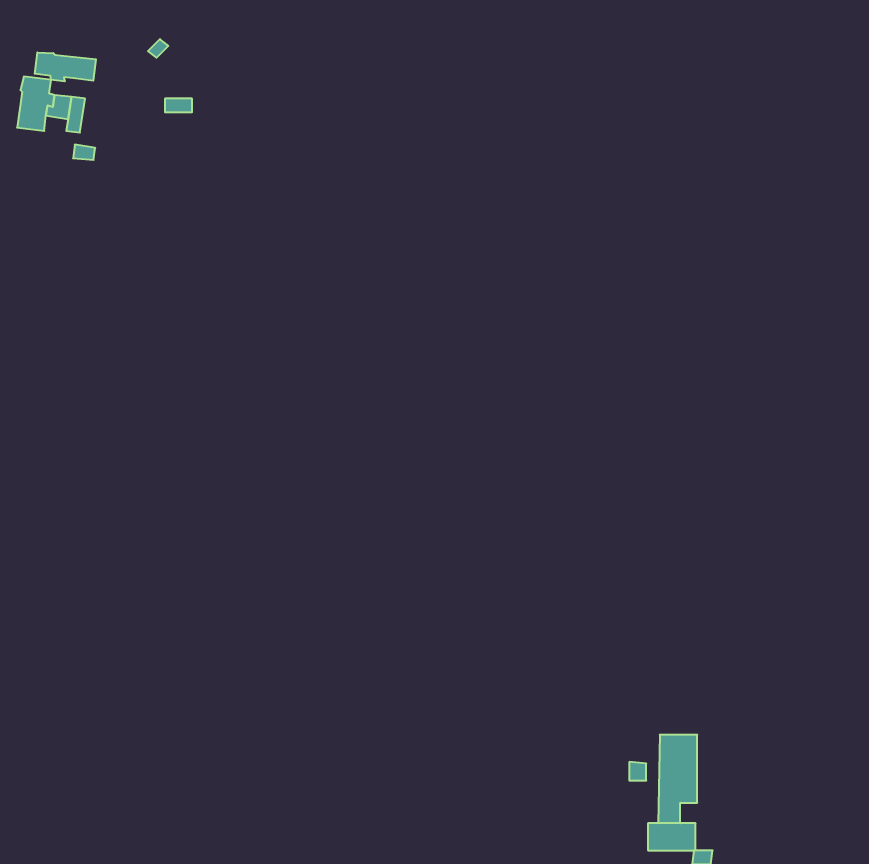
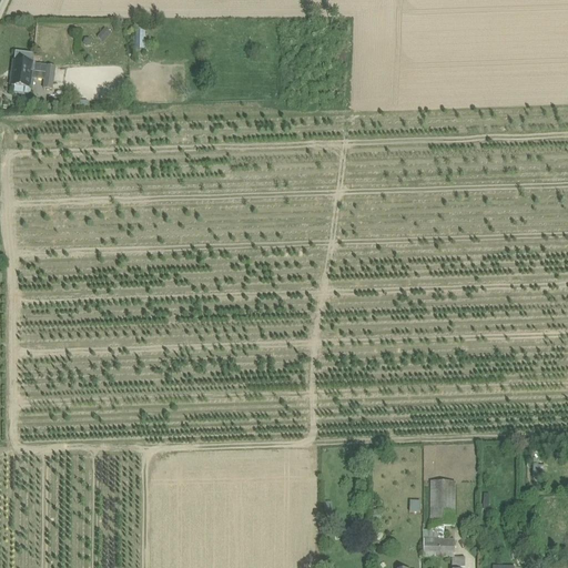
building: [35,52,96,81] -> none

